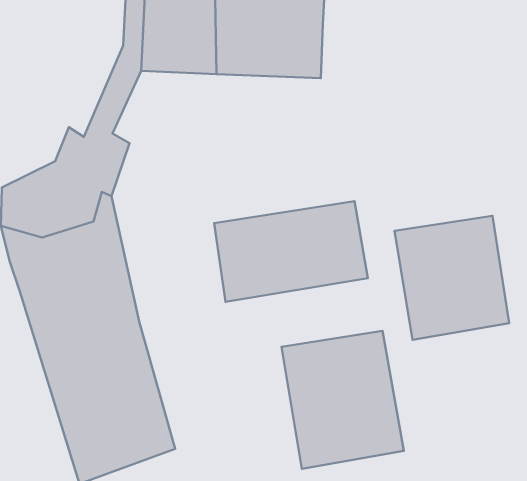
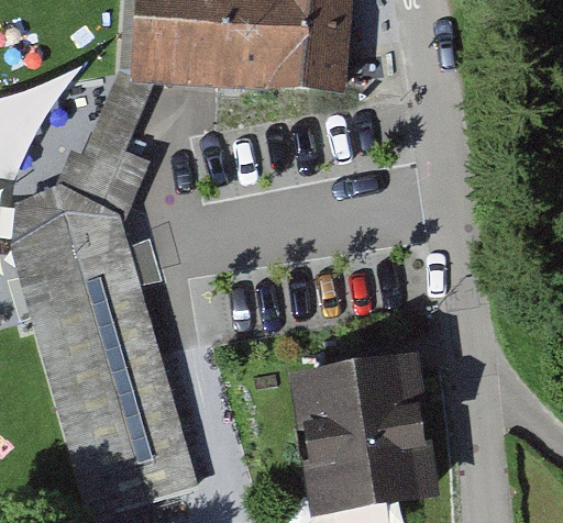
building: [214,201,368,302] -> none
building: [395,216,509,340] -> none

